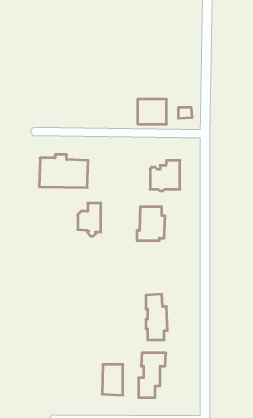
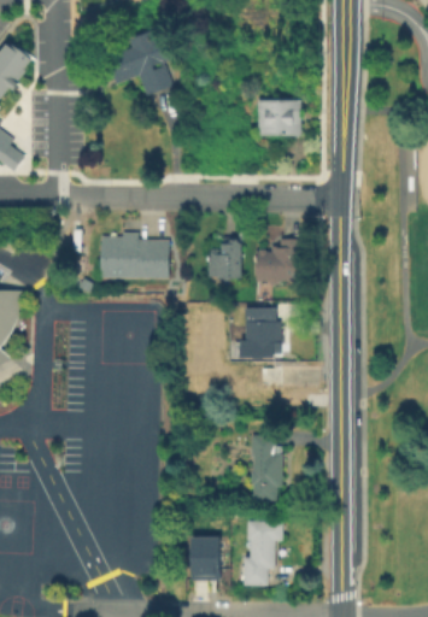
building: none -> [104,30,170,95]
building: [138,99,167,124] -> [259,100,301,136]
building: [78,203,101,236] -> [209,237,242,286]

